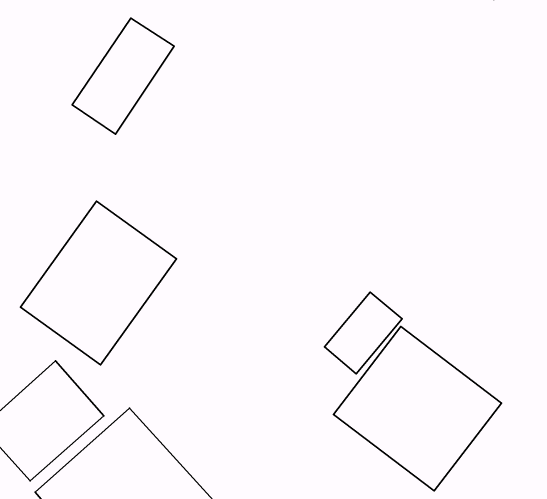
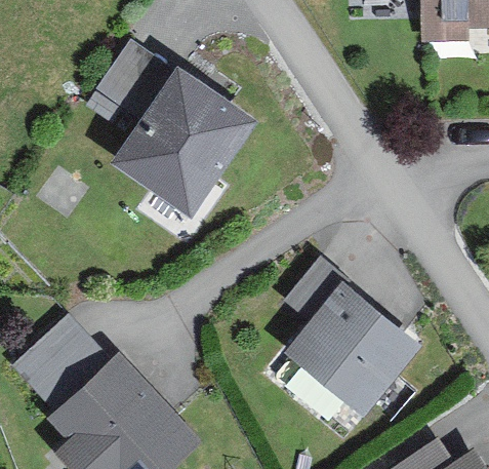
building: none -> [114,67,259,217]
building: [20,201,177,365] -> none

